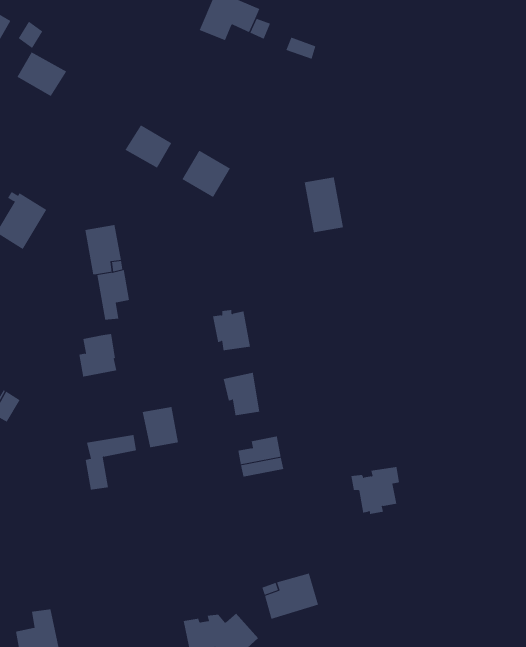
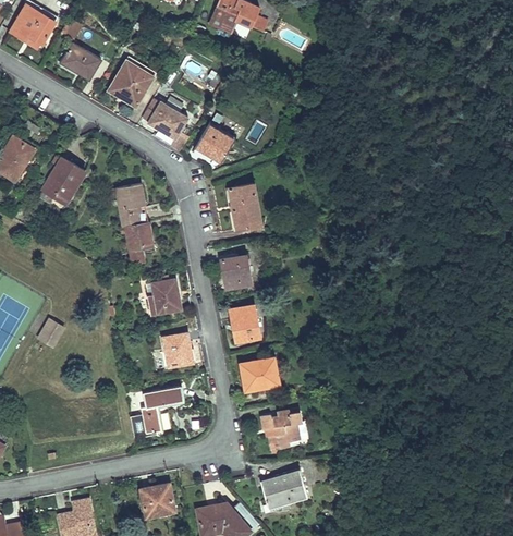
building: none -> [108,59,154,107]
building: [304,177,344,233] -> [229,184,261,230]
building: [79,333,117,377] -> [148,279,180,315]
building: [85,434,137,490] -> [142,387,184,433]
building: [351,467,400,514] -> [261,409,302,448]
building: none -> [143,486,174,515]

